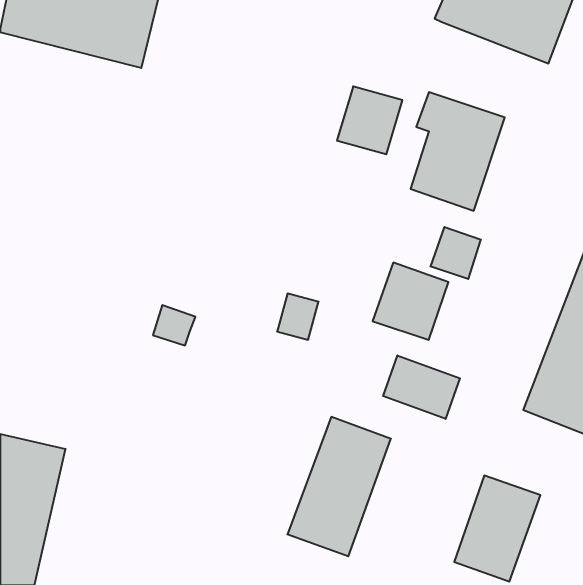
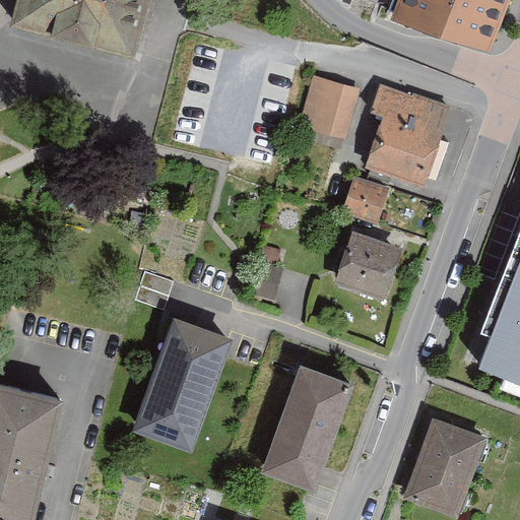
building: [430,227,481,279] -> [343,177,388,222]
building: [383,355,460,419] -> none
building: none -> [131,317,230,451]

